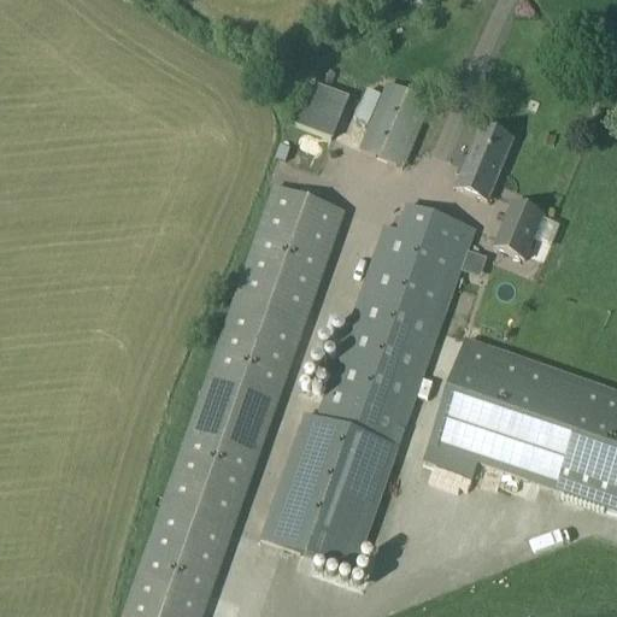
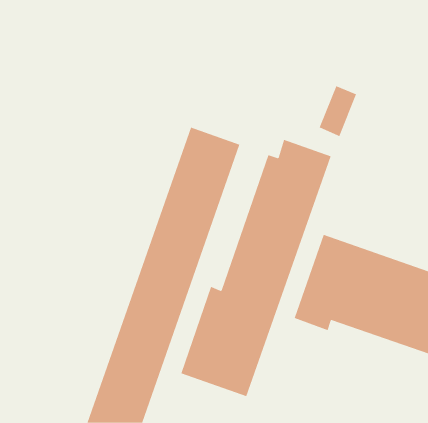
building: [296,80,349,136] -> none
building: [362,81,430,163] -> none
building: [495,196,545,254] -> none

